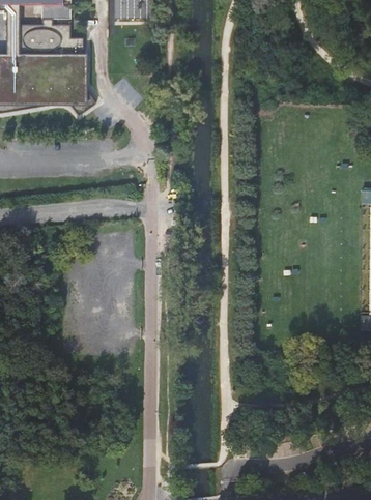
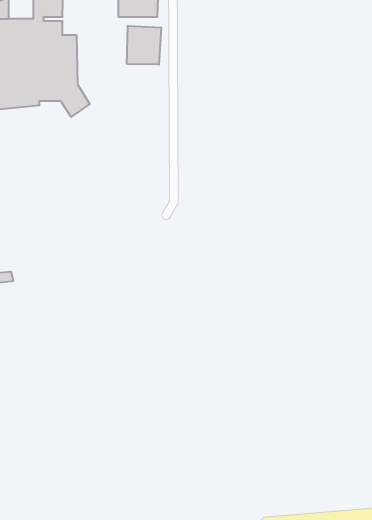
building: none -> [127,26,161,65]

